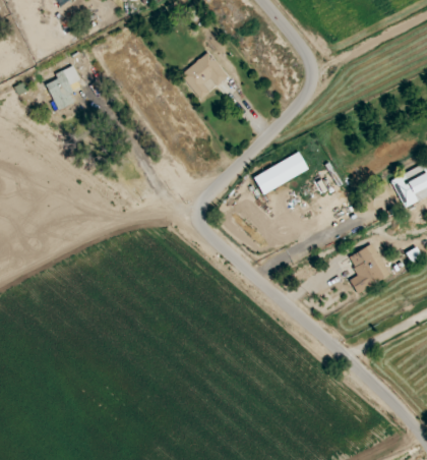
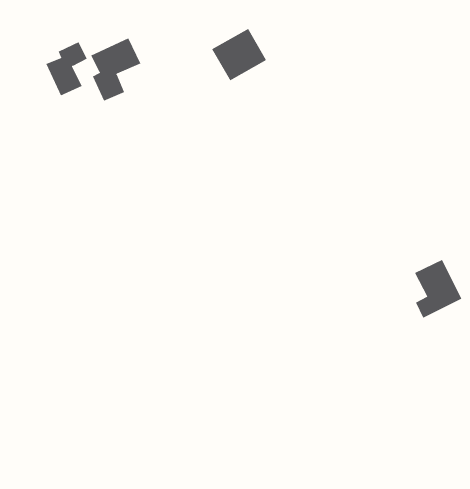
building: none -> [91,38,141,101]
building: [254,152,308,193] -> none

